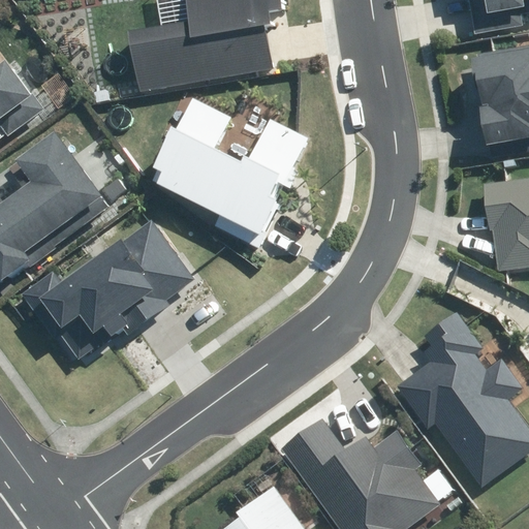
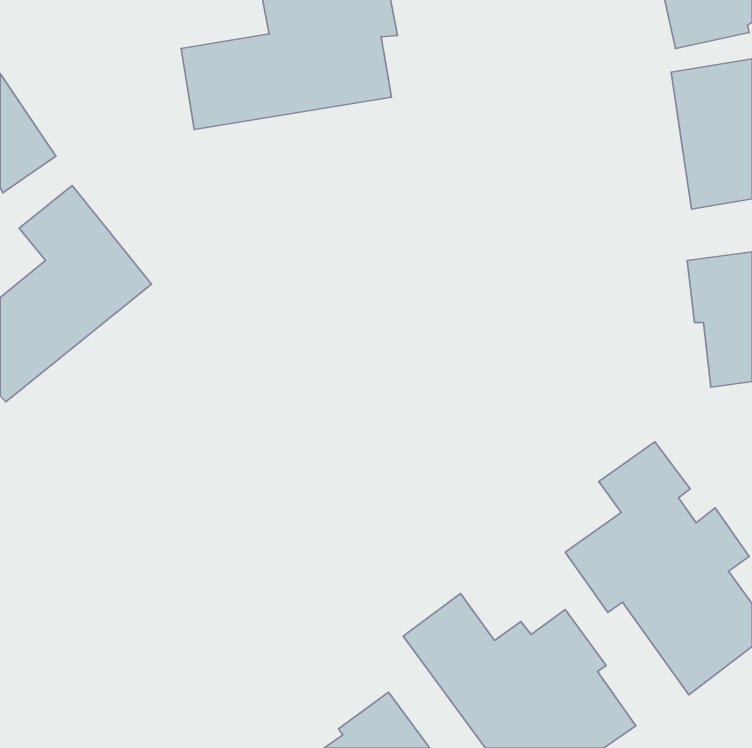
building: [149,94,307,248] -> none
building: [8,218,196,367] -> none

